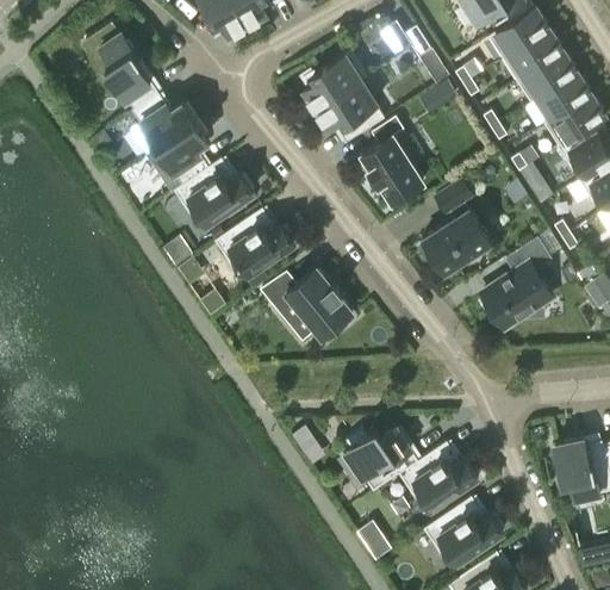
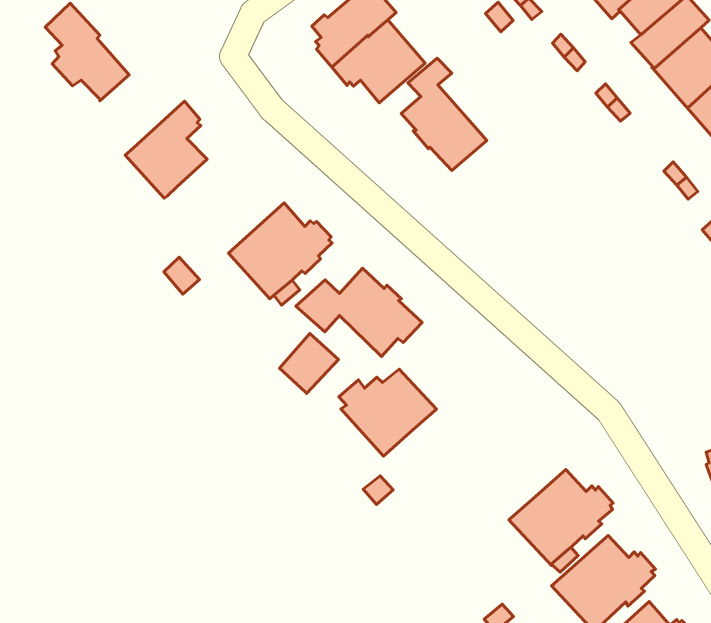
building: [130,94,198,155] -> none
building: [174,159,254,230] -> none
building: [422,180,492,274] -> none
building: [481,238,552,328] -> none
building: none -> [279,334,339,394]
building: [346,427,418,491] -> [339,369,436,456]

